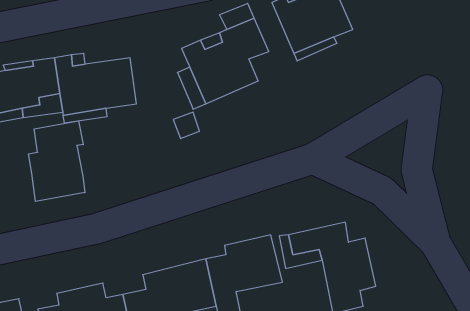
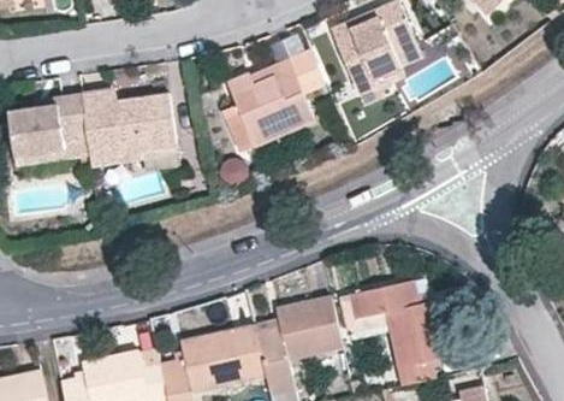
building: [29,121,85,201] -> none

